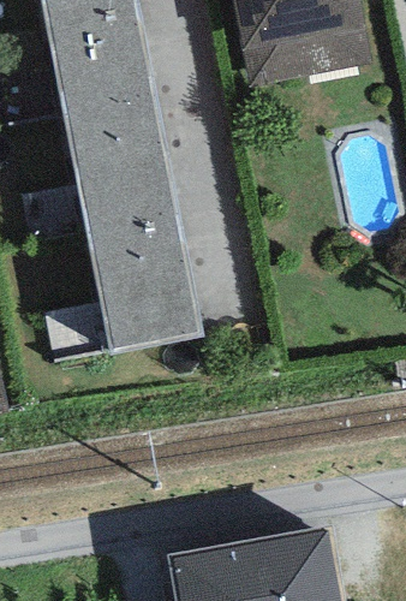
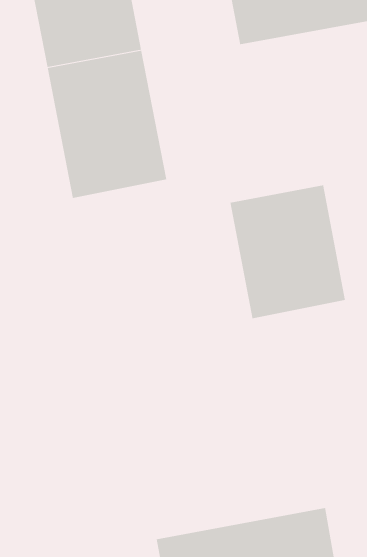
building: [86,216,199,352] -> none
building: none -> [230,185,345,319]

